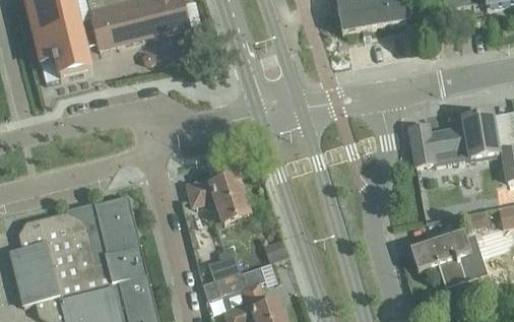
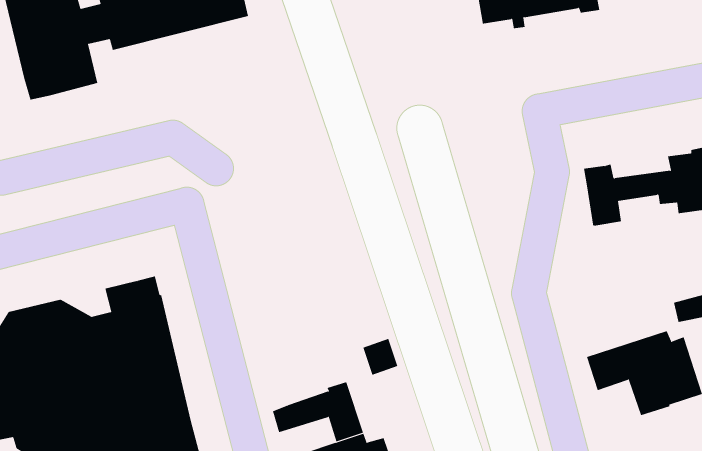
building: [187,175,249,221] -> none
building: [208,254,241,280] -> none

